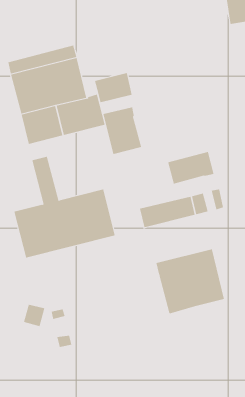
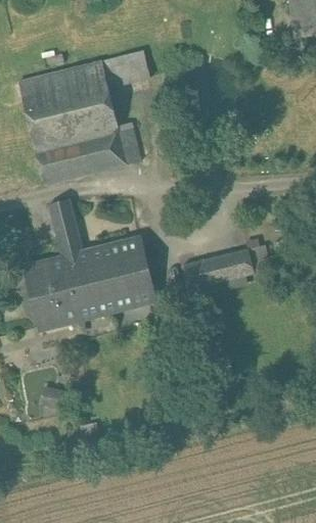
building: [94,73,132,103] -> [101,50,149,88]
building: [103,106,142,155] -> none
building: [167,151,214,184] -> none
building: [156,249,225,315] -> none

